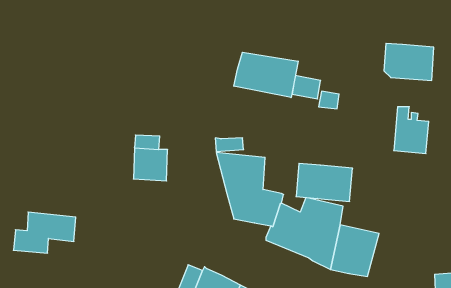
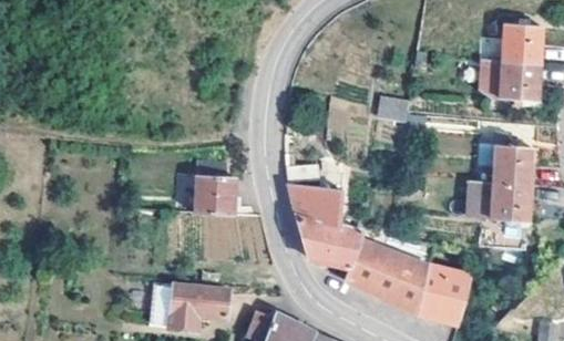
building: none -> [502,24,541,63]
building: [234,52,298,98] -> none
building: [296,163,353,201] -> [464,178,529,221]
building: [13,212,76,253] -> [160,285,230,331]

